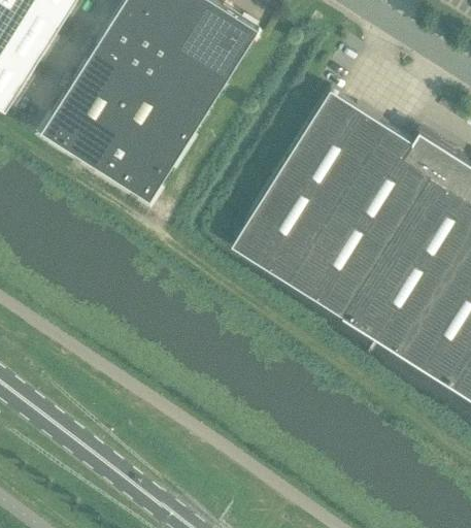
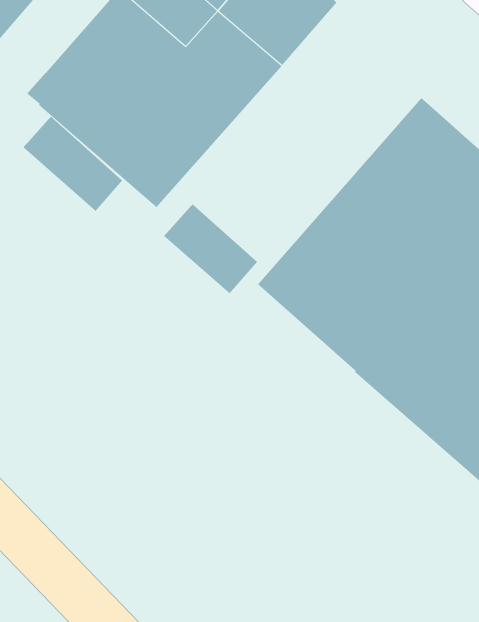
building: none -> [22,116,123,212]
building: none -> [163,203,258,294]

